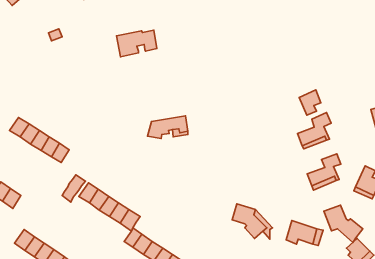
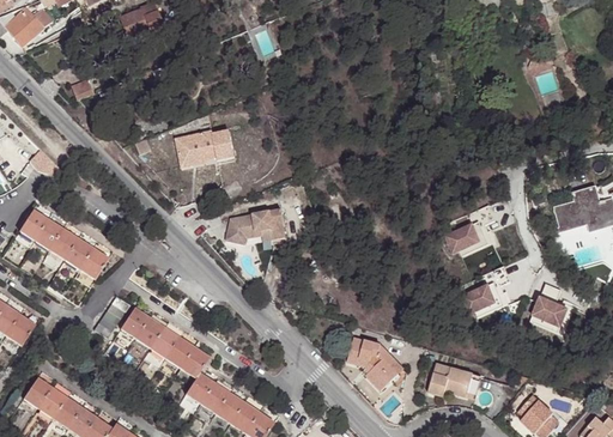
building: [117,30,157,57] -> [169,131,229,170]
building: [299,90,321,115] -> none
building: [324,205,363,242] -> none

